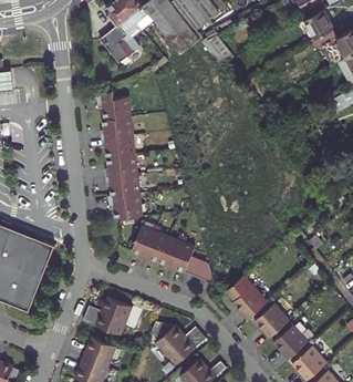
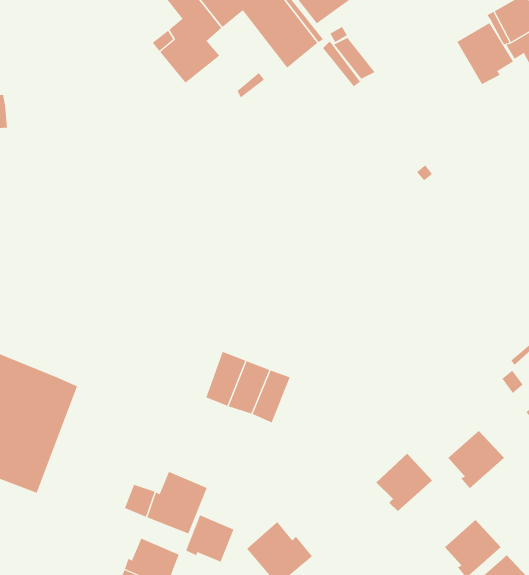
building: none -> [456,22,514,85]
building: [96,87,142,223] -> none
building: [172,240,214,283] -> none
building: [256,304,290,340] -> [447,430,505,489]
building: none -> [185,514,234,562]

